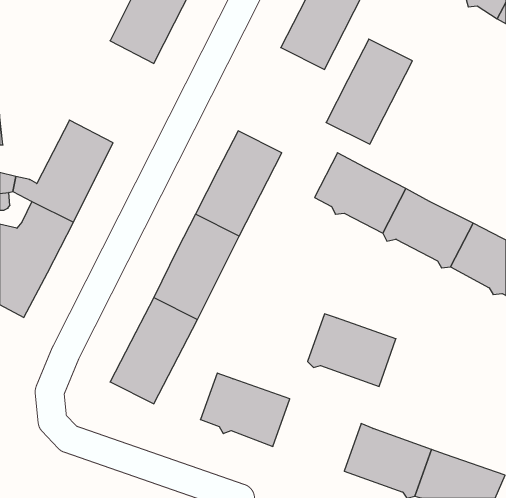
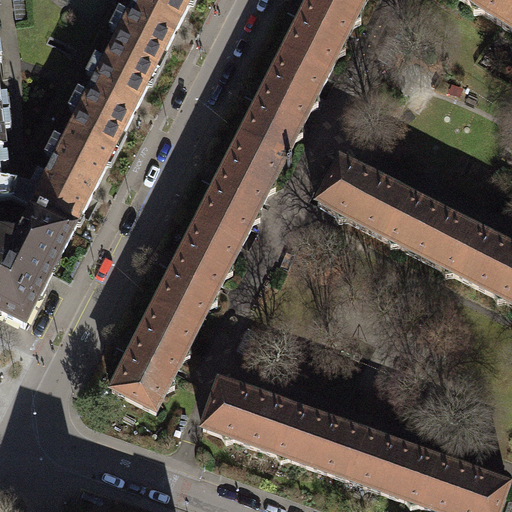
building: [326,39,412,144] -> [240,48,327,154]
building: none -> [70,41,155,144]
building: [308,314,396,386] -> [275,402,364,475]

